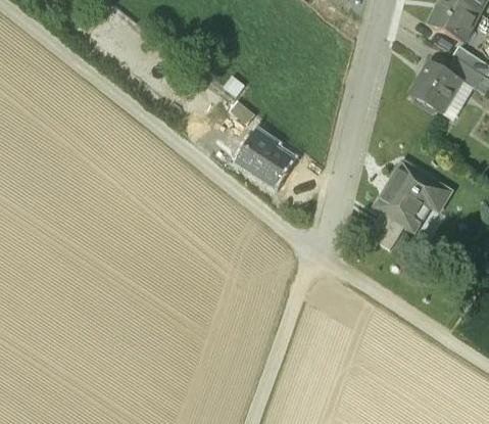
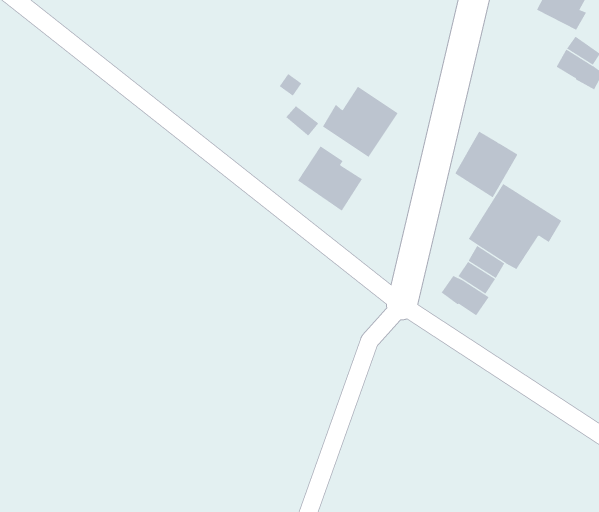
building: [410,59,460,112] -> [454,131,518,198]
building: none -> [322,86,398,158]
building: none -> [441,275,490,316]

